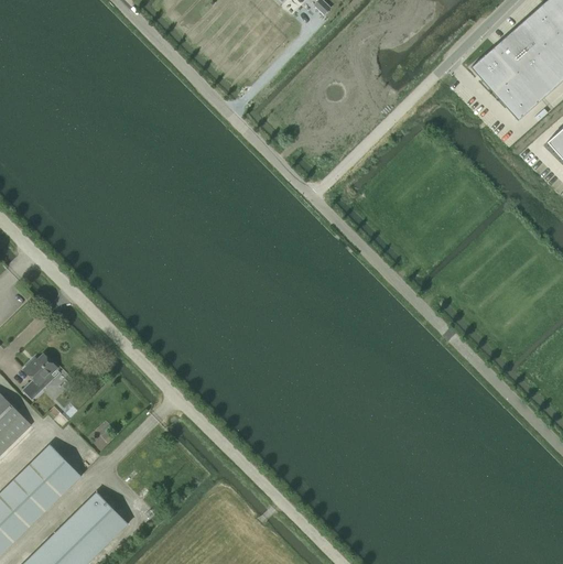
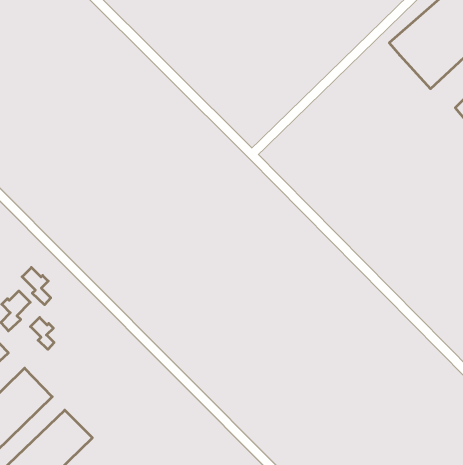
building: none -> [22,267,51,305]
building: none -> [30,317,54,349]

